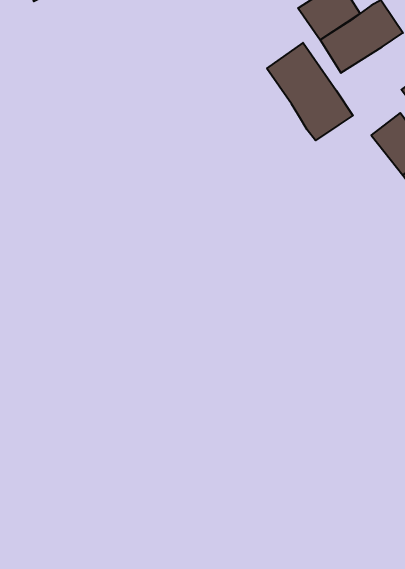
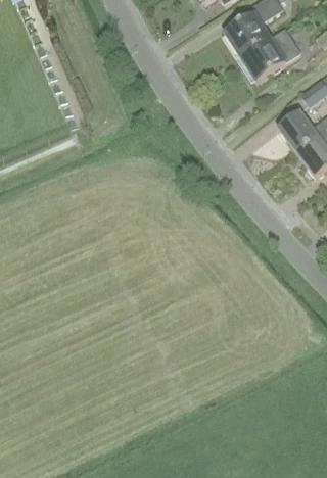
building: [267,43,353,140] -> none

